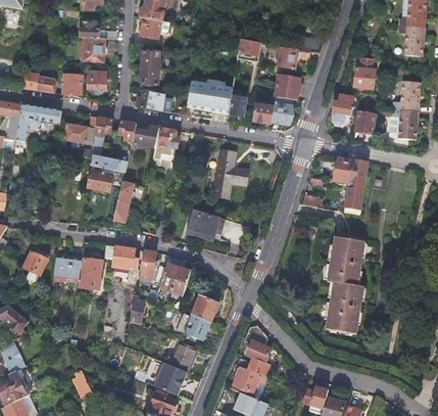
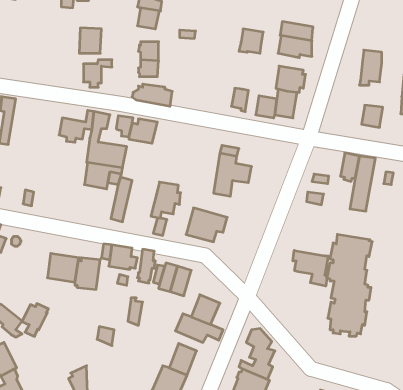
building: [79,20,117,39] -> none
building: [20,74,55,93] -> none
building: [60,75,82,95] -> none
building: [187,81,232,112] -> none
building: [331,95,354,126] -> none
building: [13,105,59,153] -> none
building: [150,128,179,163] -> [151,182,181,218]
building: [22,249,48,281] -> [22,304,48,336]
building: none -> [293,250,328,286]

